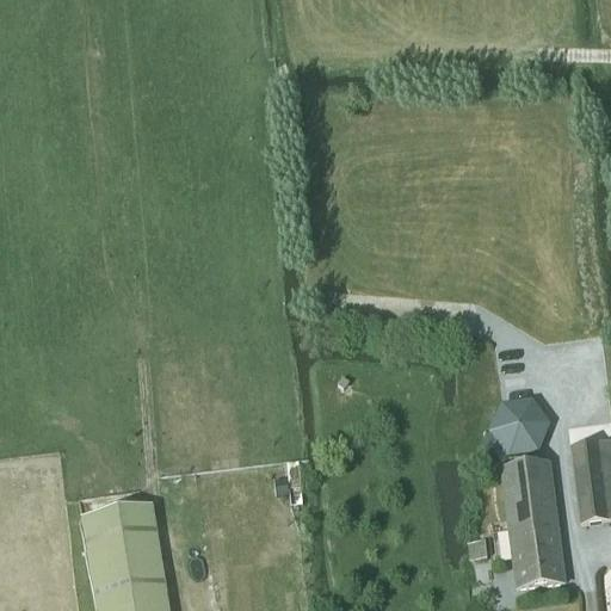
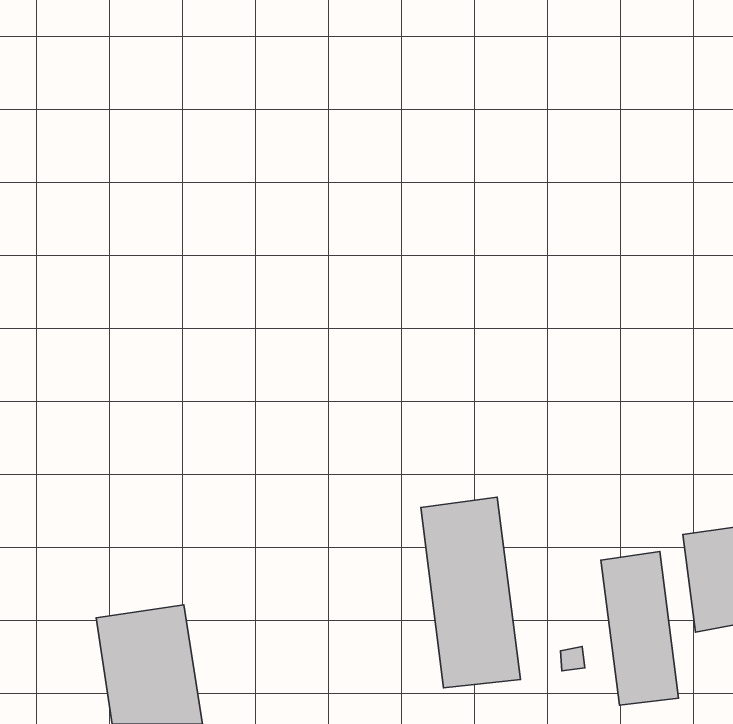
building: [489,397,549,453] -> none
building: none -> [421,497,520,688]

